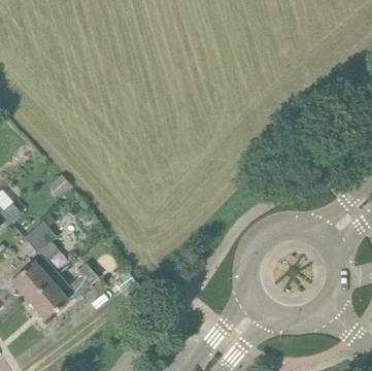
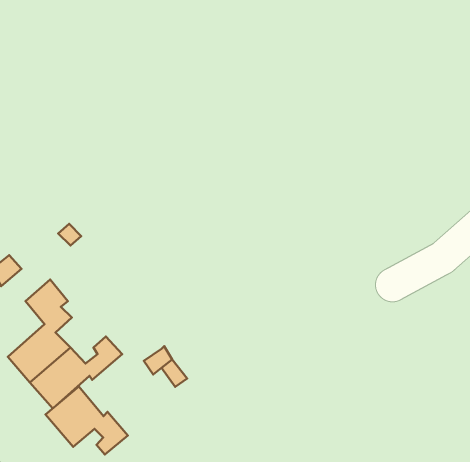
building: none -> [46,387,128,455]

